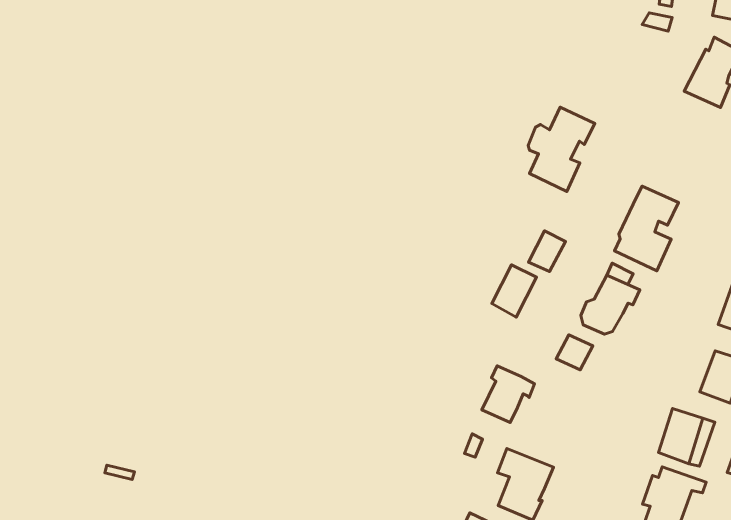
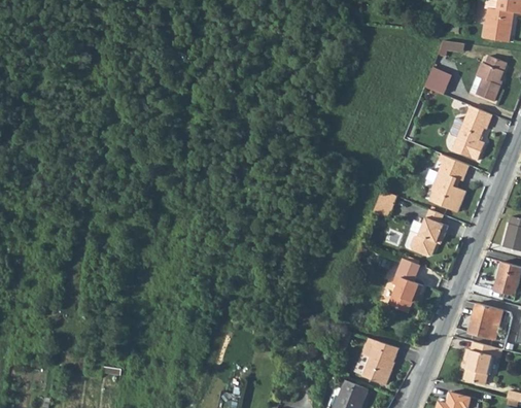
building: none -> [425,66,452,94]
building: [528,107,595,191] -> [450,106,493,162]
building: [492,265,537,317] -> none
building: [482,366,535,422] -> [387,275,421,312]

